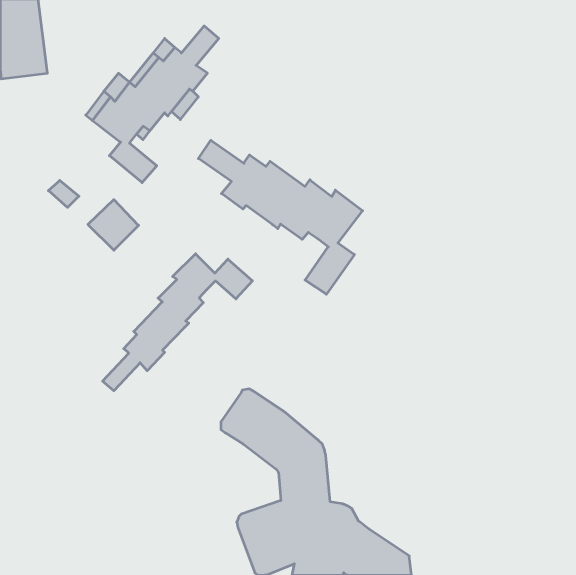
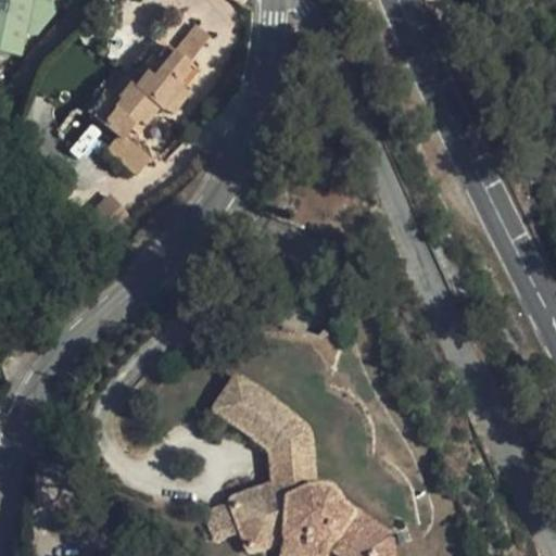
building: [198,140,363,294] -> none
building: [103,254,252,391] -> none

